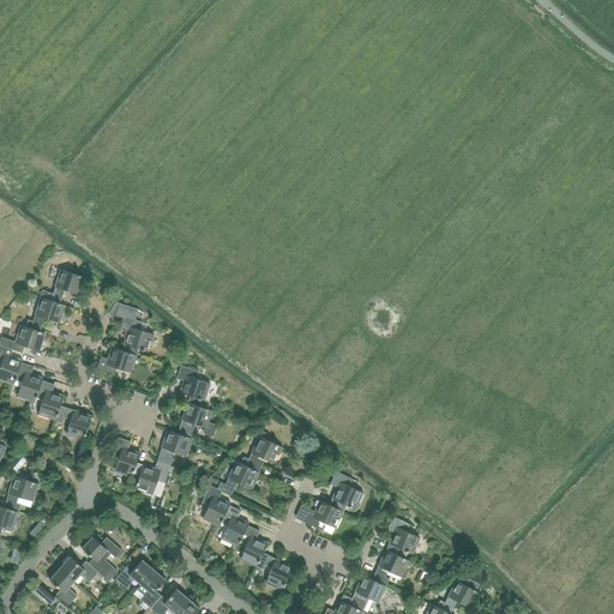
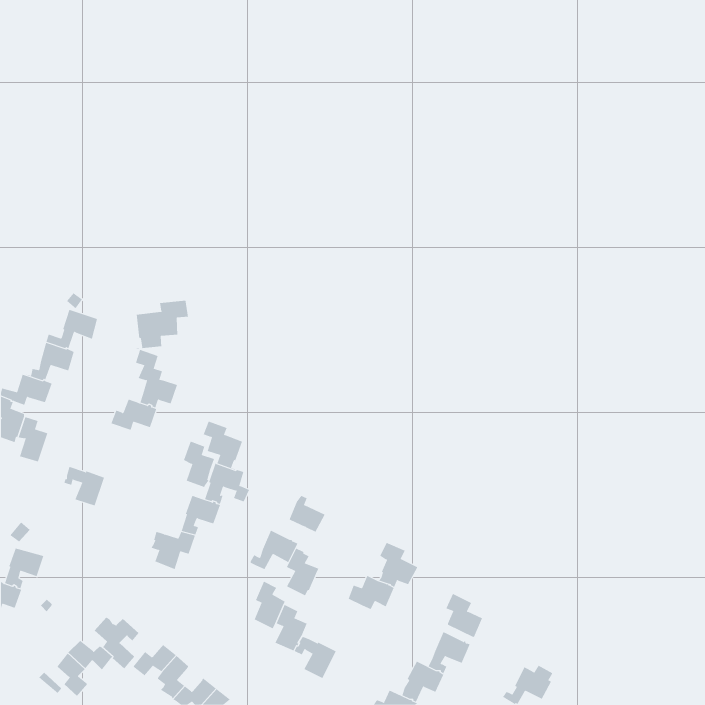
building: none -> [136,300,188,349]
building: [36,380,64,420] -> none
building: [112,437,139,477] -> [183,441,215,488]
building: [201,484,230,526] -> [286,548,319,596]

